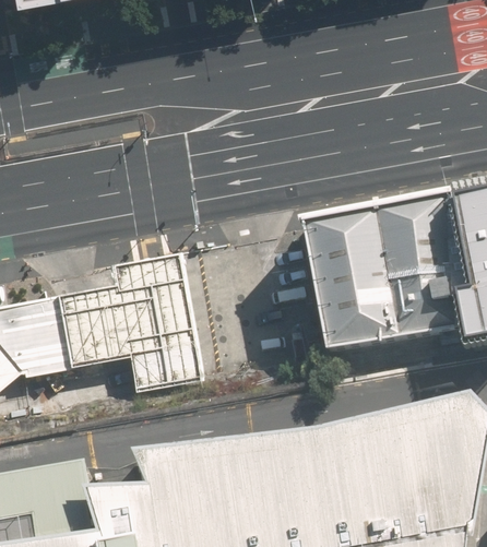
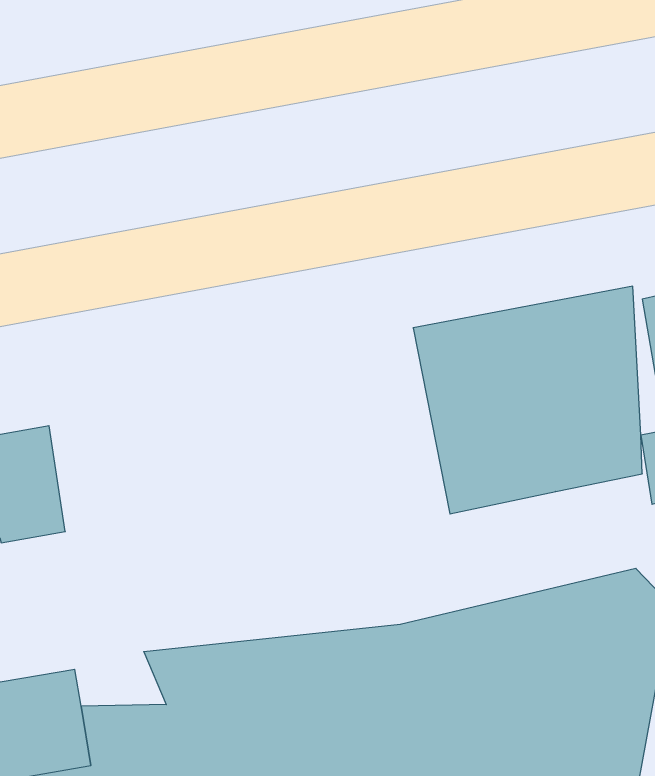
building: [58,252,199,391] -> none

